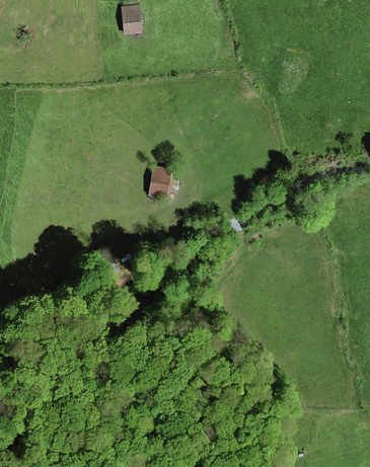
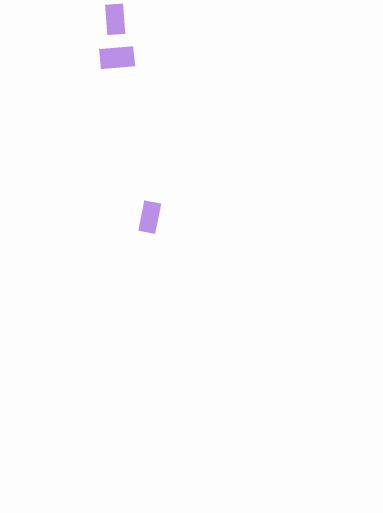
building: none -> [98,46,136,70]

